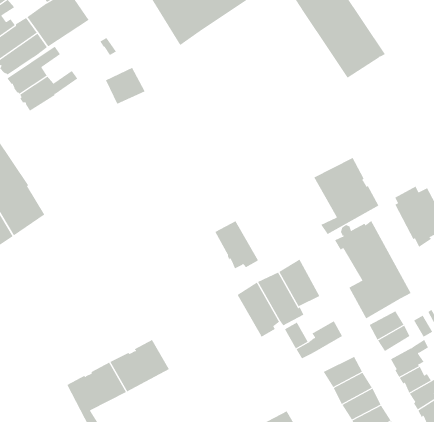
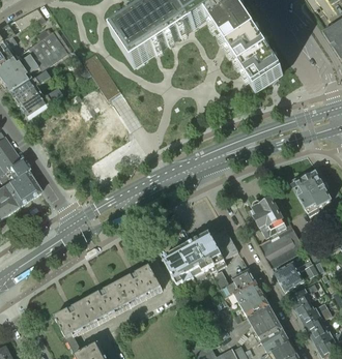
building: [314,157,379,235] -> none
building: [214,220,259,269] -> [163,249,195,285]
building: none -> [117,265,161,303]
building: none -> [233,279,263,305]

